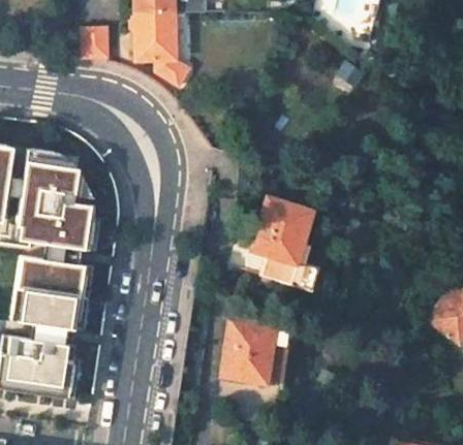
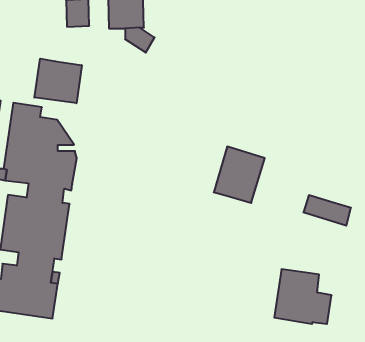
building: none -> [34,59,82,103]
building: [264,255,318,290] -> [303,195,351,226]
building: [224,320,290,383] -> [274,269,332,324]

